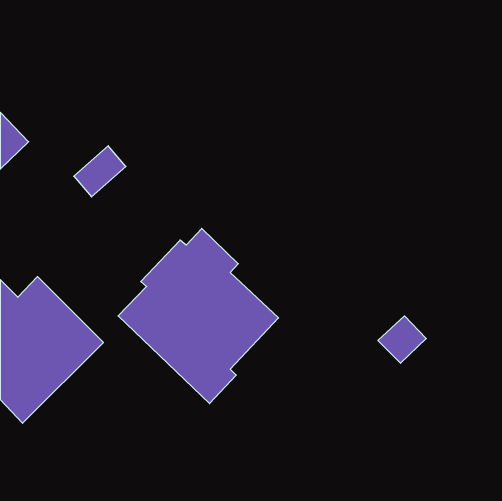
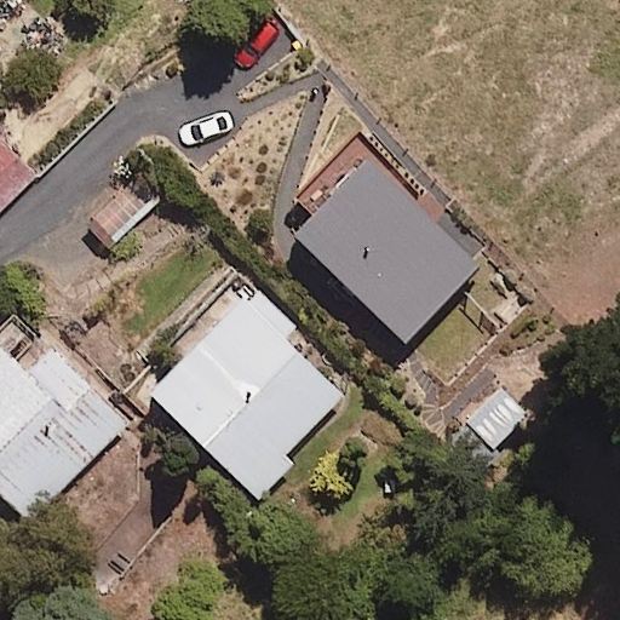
building: none -> [289,144,476,340]

